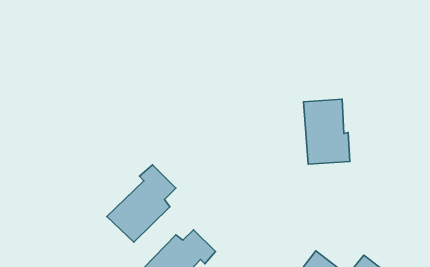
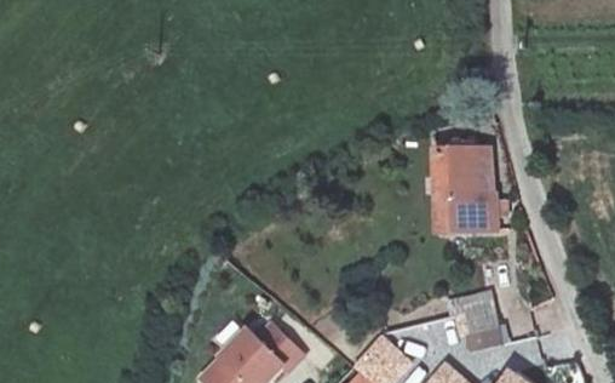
building: [107,165,176,242] -> none
building: none -> [456,284,505,345]

